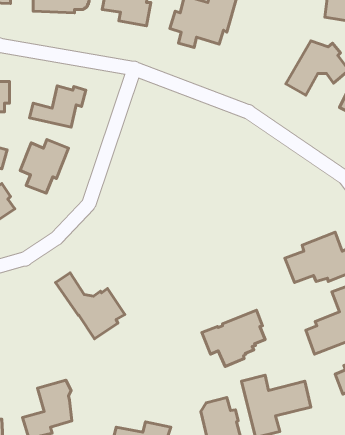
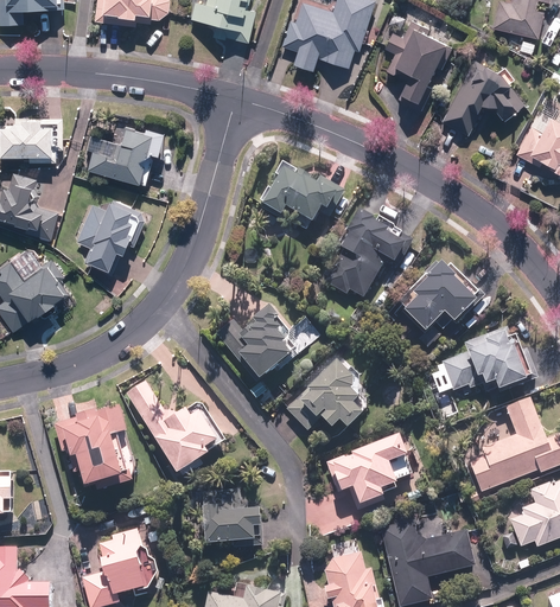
building: none -> [382,19,454,110]
building: none -> [259,159,341,222]
building: none -> [324,206,408,299]
building: none -> [405,257,479,330]
building: none -> [215,301,297,382]
building: none -> [285,358,367,430]
building: none -> [55,403,134,488]
building: none -> [203,490,263,545]

